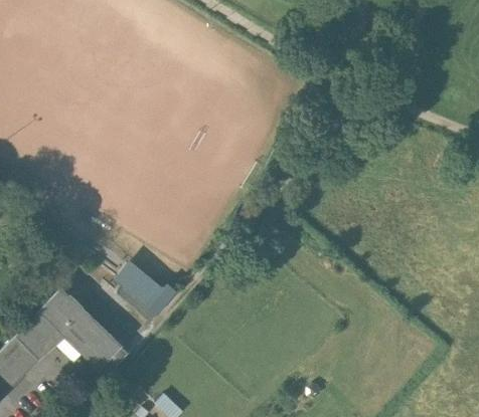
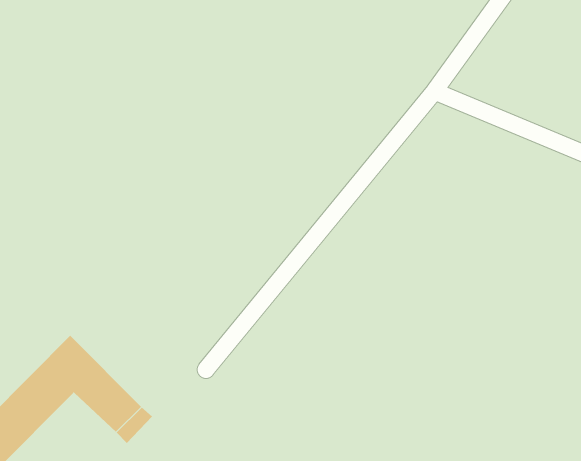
building: [117,264,177,326] -> none

